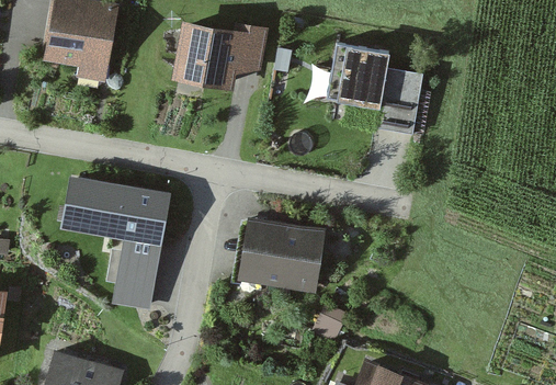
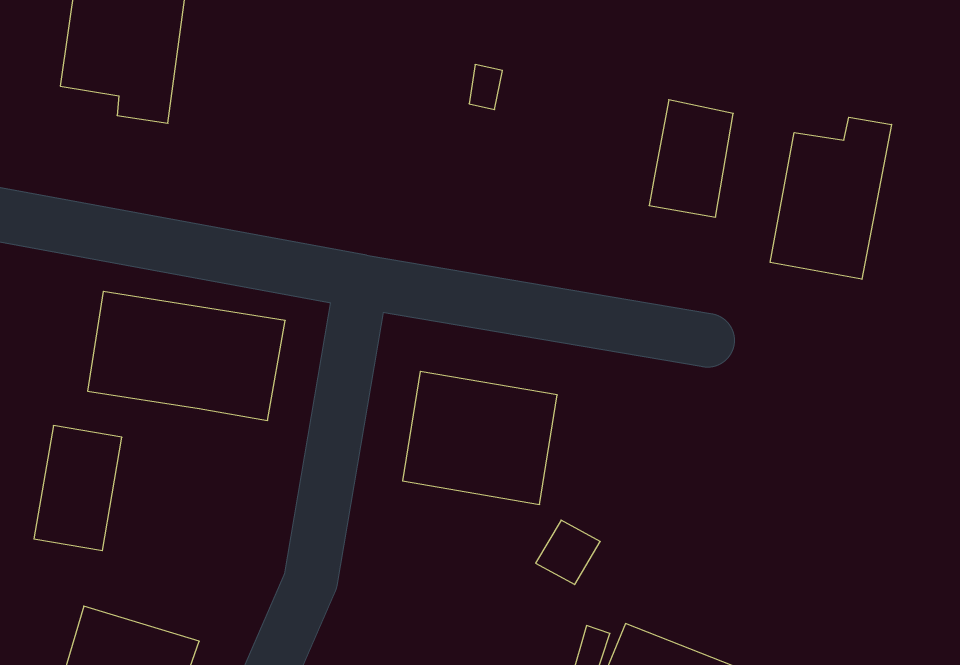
building: [170,20,265,91] -> none
building: [327,44,389,109] -> none
building: none -> [770,117,892,279]
building: [112,240,161,310] -> [34,426,122,551]

